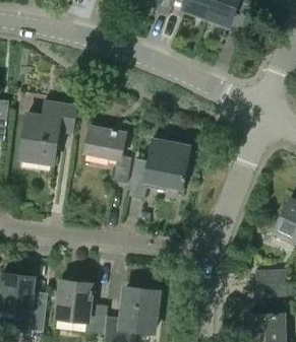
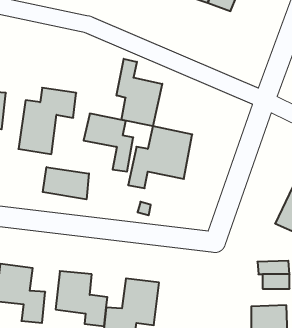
building: none -> [117,59,162,126]
building: none -> [43,167,89,199]

